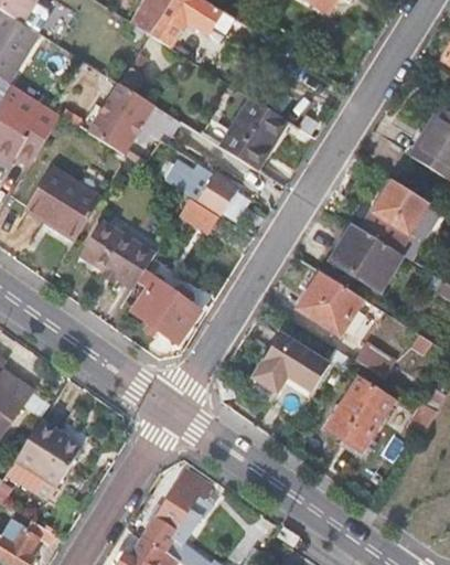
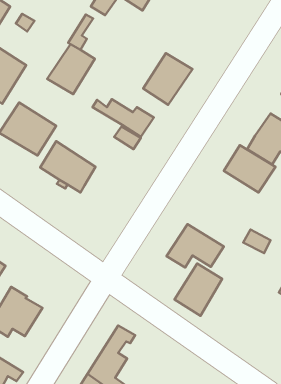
building: [133,270,197,341] -> none
building: [307,271,364,335] -> none
building: [324,377,389,449] -> [175,263,222,316]

